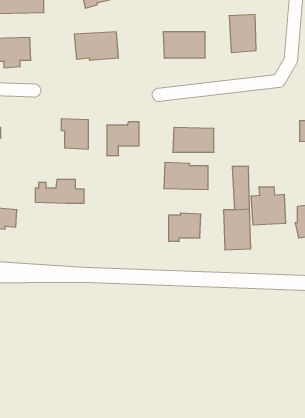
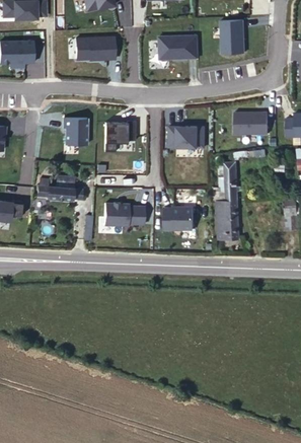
building: none -> [234,112,268,135]
building: [164,162,208,190] -> [104,202,146,227]
building: [251,187,285,225] -> none

